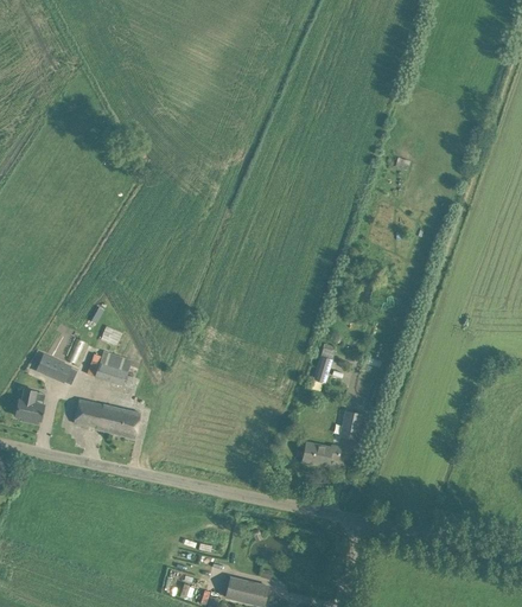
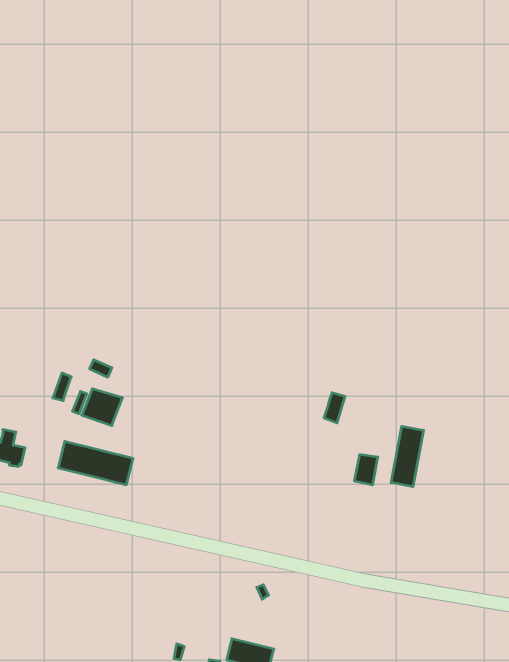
building: [37,354,78,382] -> none
building: none -> [391,426,424,487]
building: [303,442,340,466] -> none

